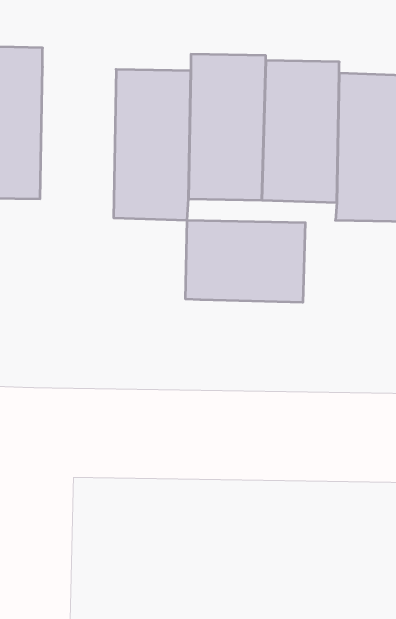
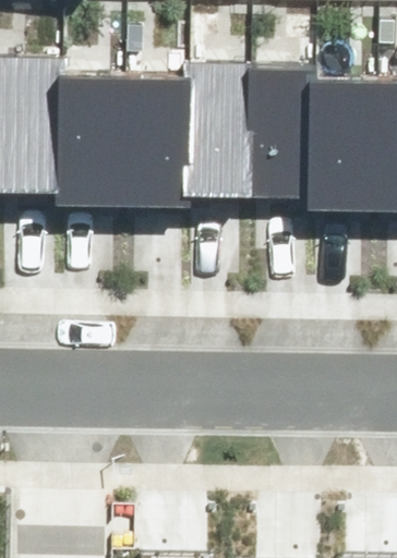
building: none -> [60,75,125,205]
building: [186,220,305,302] -> none

